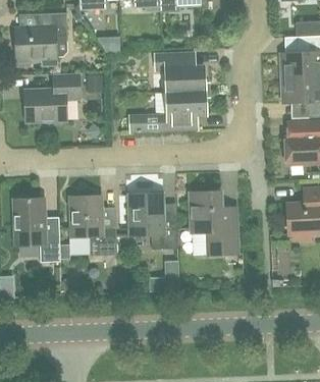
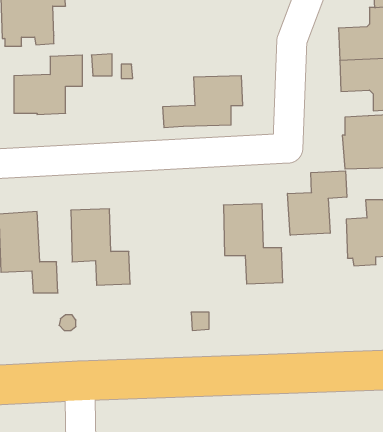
building: [156,52,205,91] -> none
building: none -> [288,171,347,235]
building: [130,193,178,249] -> none

